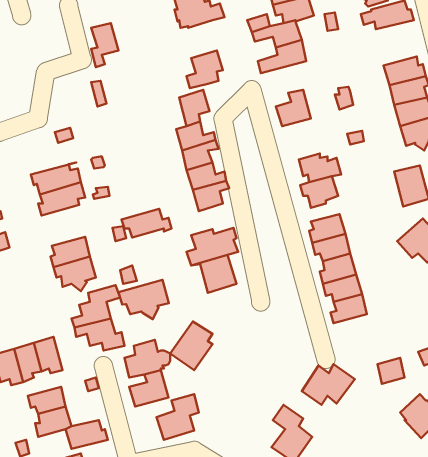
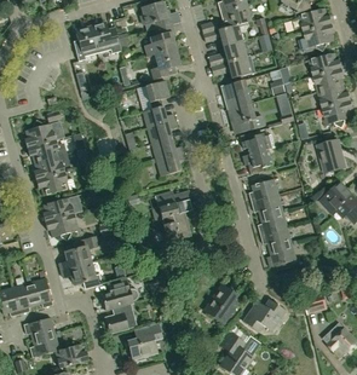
building: none -> [91,22,121,52]
building: none -> [145,23,175,54]
building: none -> [300,23,335,51]
building: none -> [211,54,255,77]
building: none -> [228,102,264,132]
building: none -> [24,119,63,146]
building: [121,209,171,238] -> [35,171,75,194]
building: [119,280,169,319] -> none
building: [170,322,212,370] -> [203,283,237,322]

